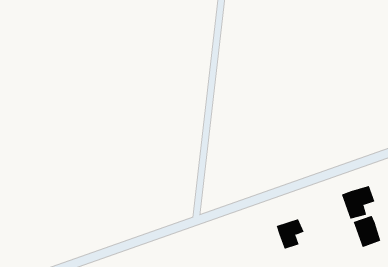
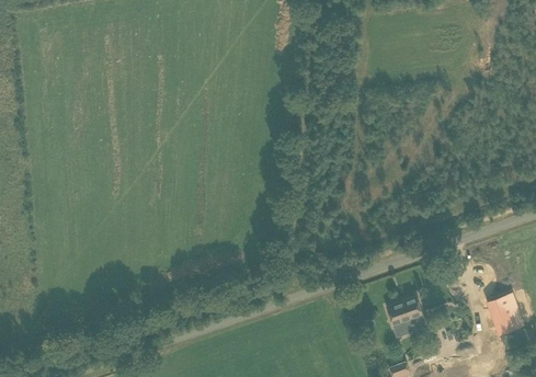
building: [341,185,375,219] -> none

